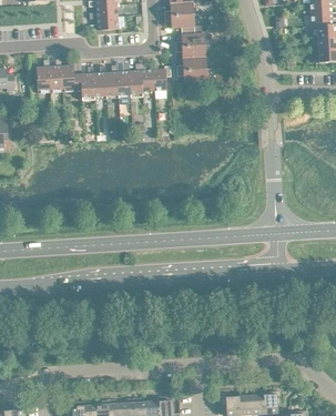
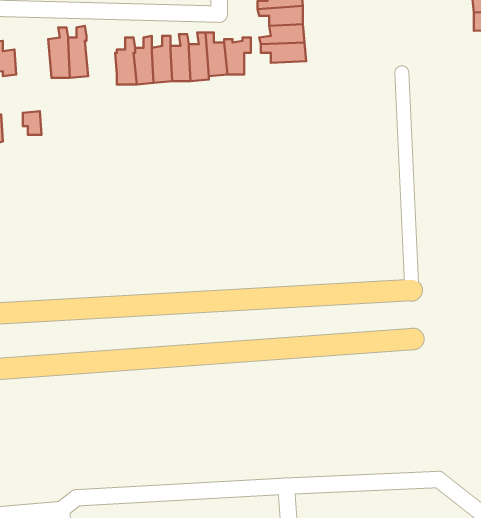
building: [61,64,82,91] -> none

